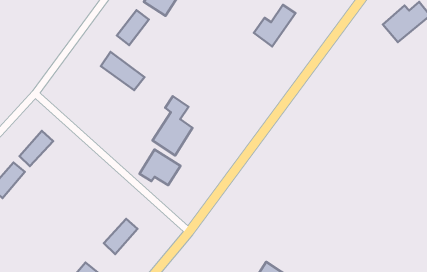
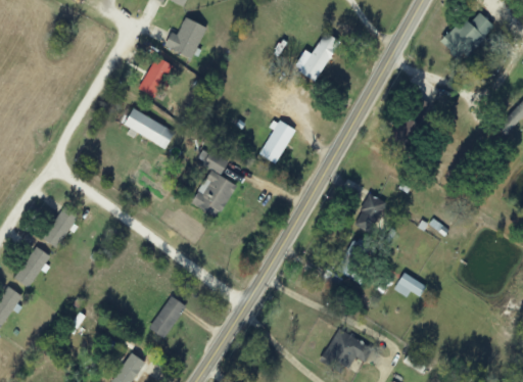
building: none -> [257,120,295,163]
building: none -> [353,193,386,234]
building: [139,149,181,185] -> none
building: none -> [394,273,426,296]

